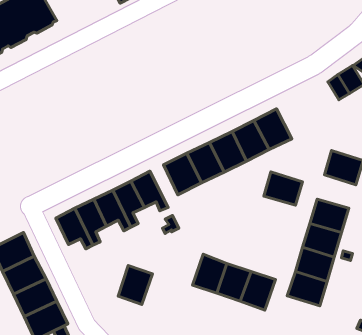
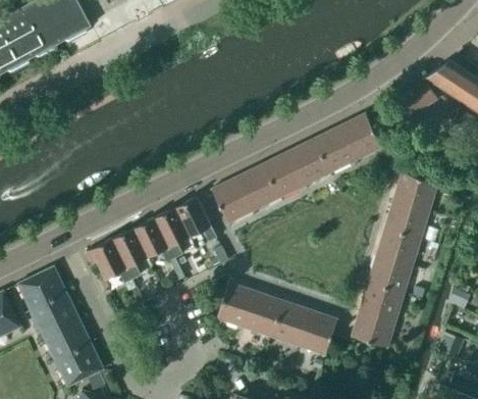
building: none -> [338,114,381,160]
building: [264,172,303,205] -> [384,201,428,239]
building: [118,266,153,304] -> [217,282,256,326]

